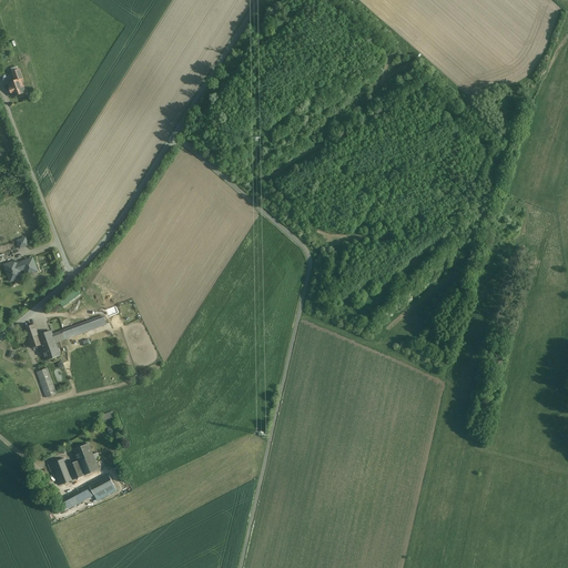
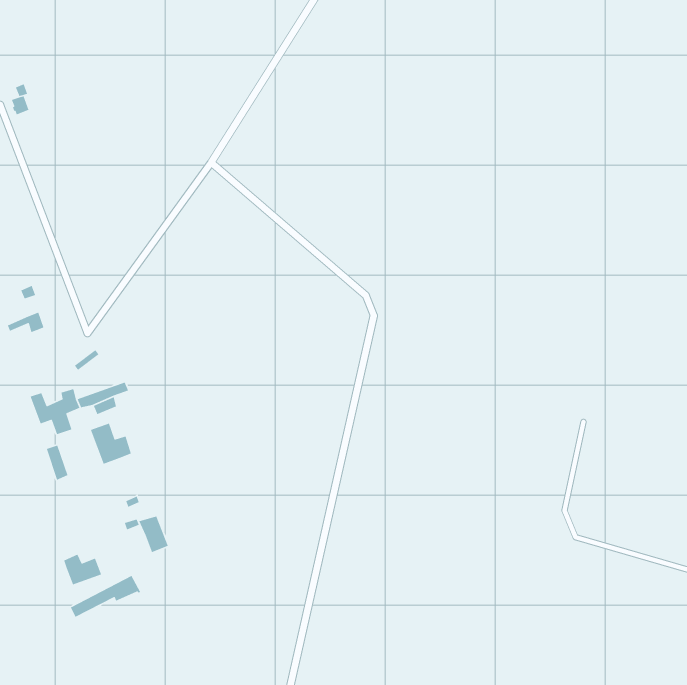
building: none -> [90,423,132,465]
building: [73,444,99,475] -> [138,515,169,553]

